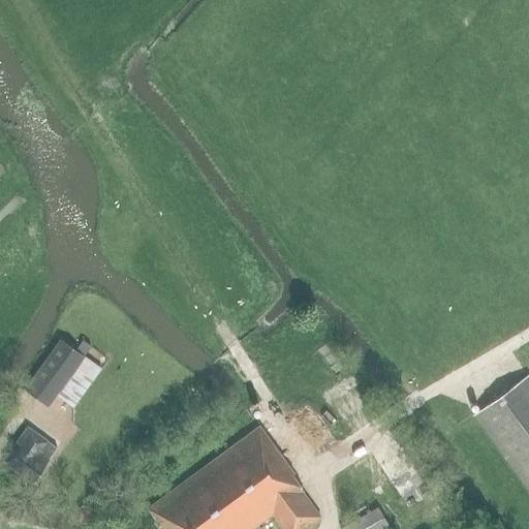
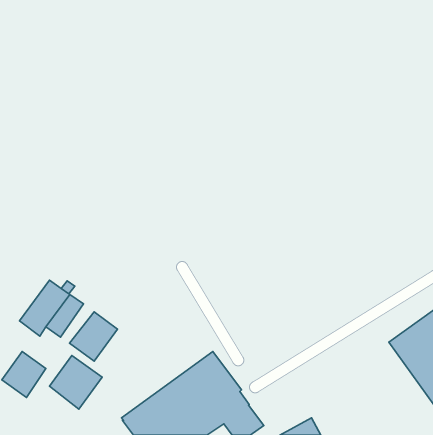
building: none -> [70,312,118,361]
building: none -> [50,356,102,409]

